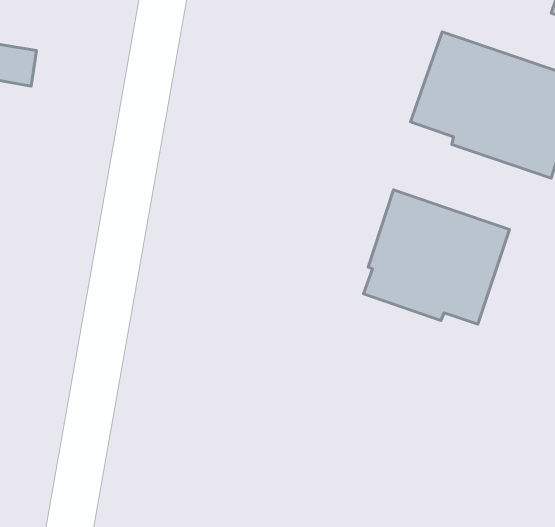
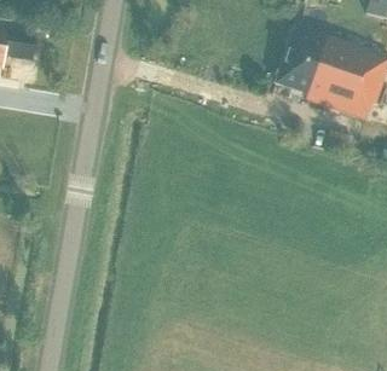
building: [363,190,509,324] -> none

